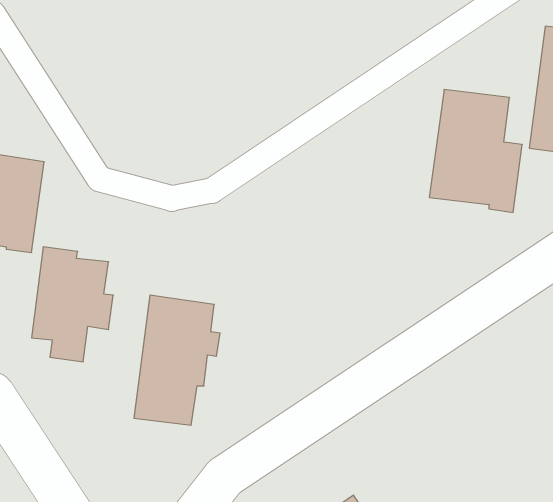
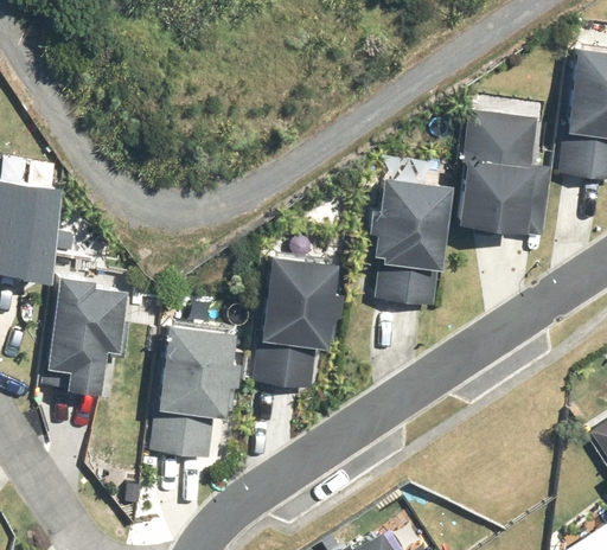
building: none -> [369,178,451,307]
building: none -> [254,256,343,390]

